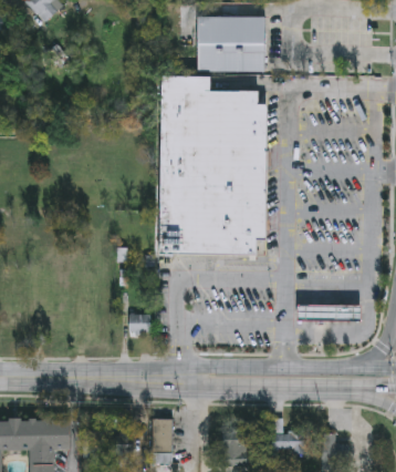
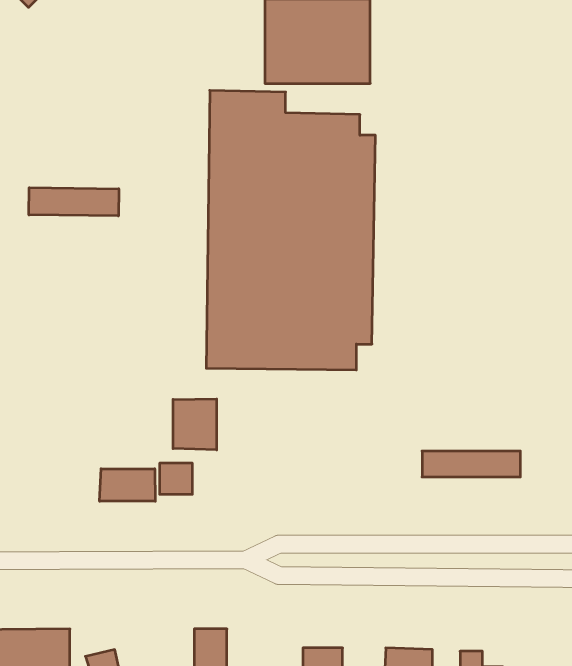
building: none -> [29,188,119,216]
building: none -> [173,399,217,450]
building: none -> [100,469,155,501]

